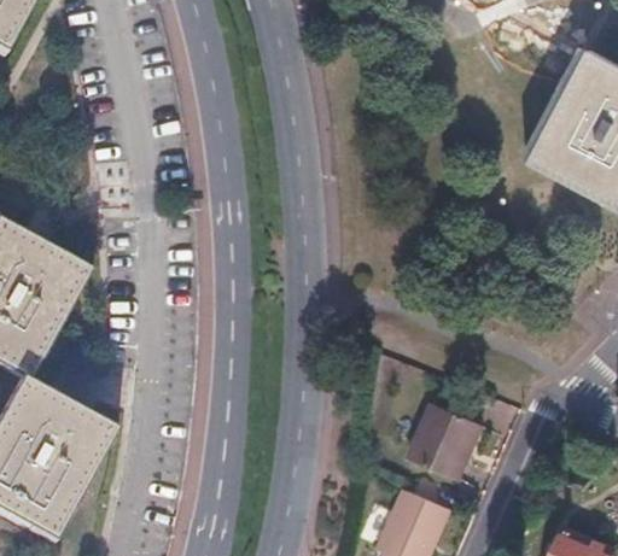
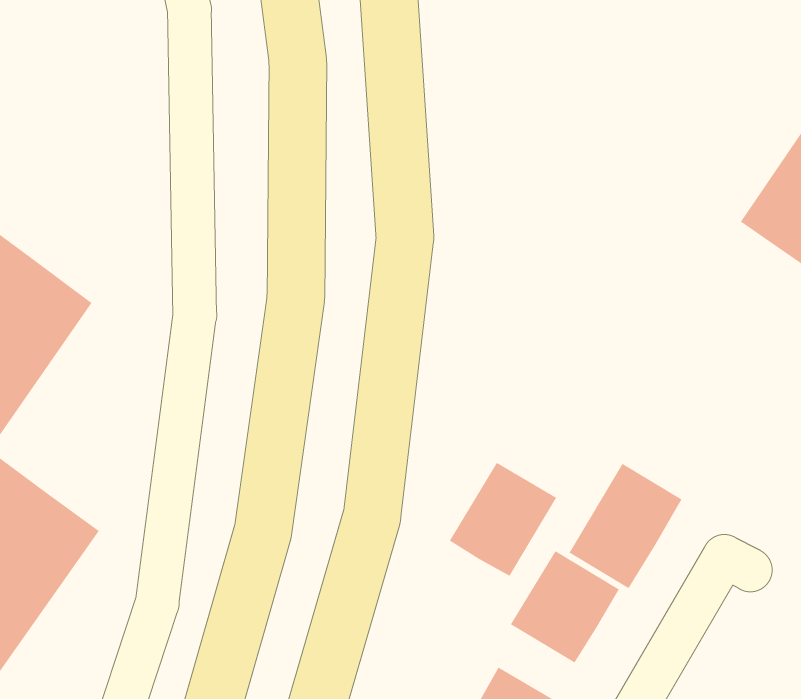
building: none -> [569,463,682,589]
building: none -> [449,462,557,577]

